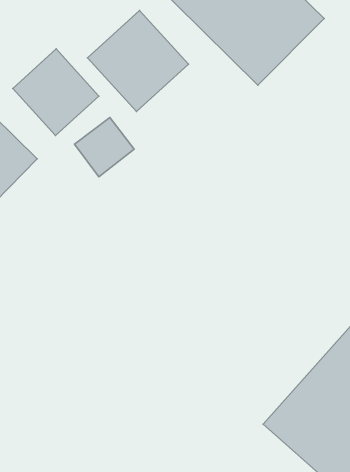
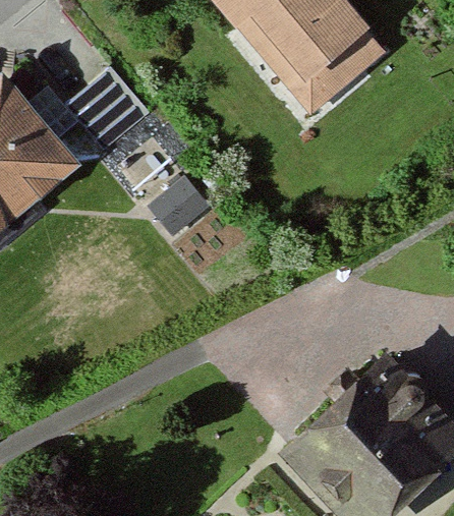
building: [88,10,188,112] -> none

